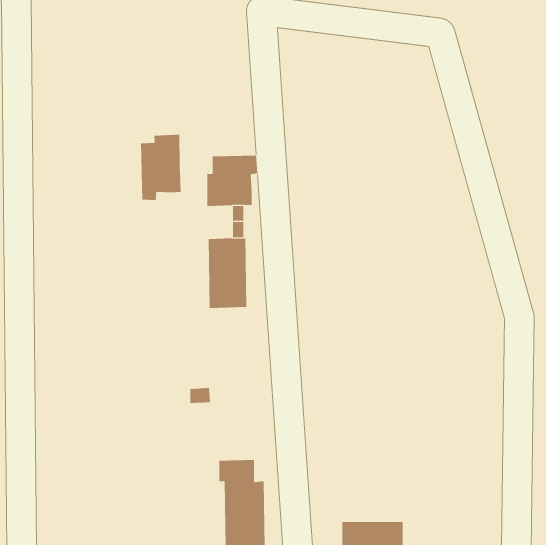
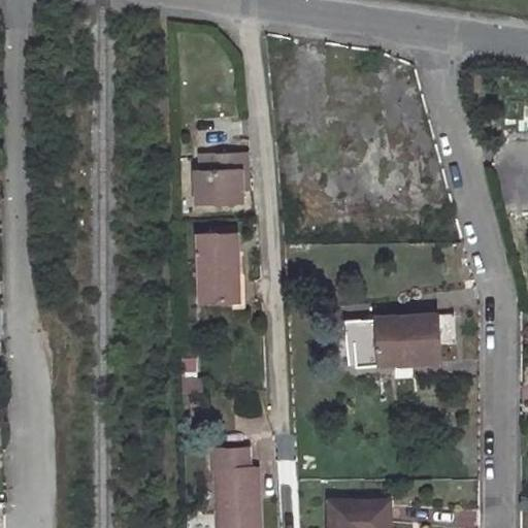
building: [141,134,181,201] -> none
building: none -> [353,318,454,366]

